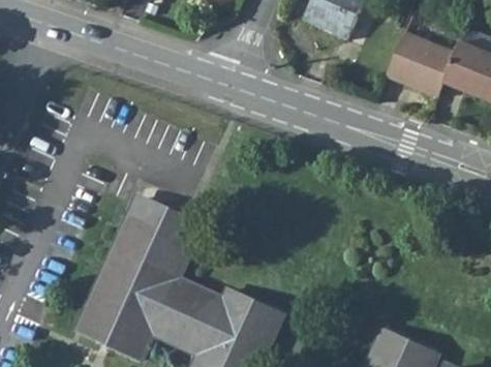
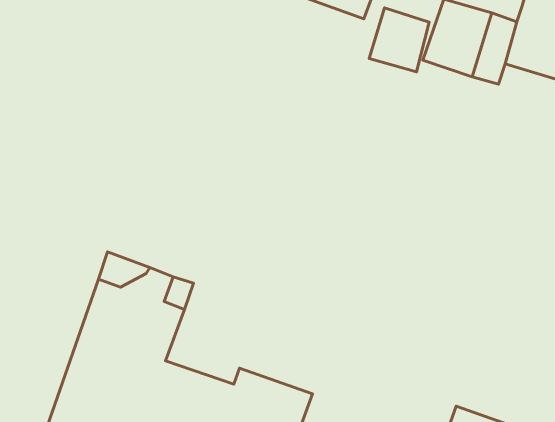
building: none -> [369,8,429,72]

